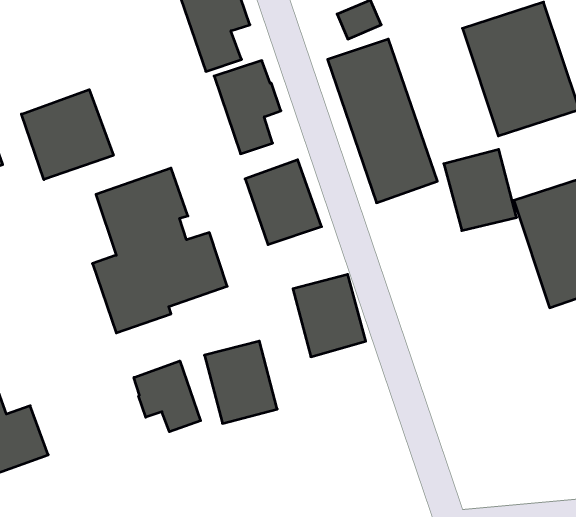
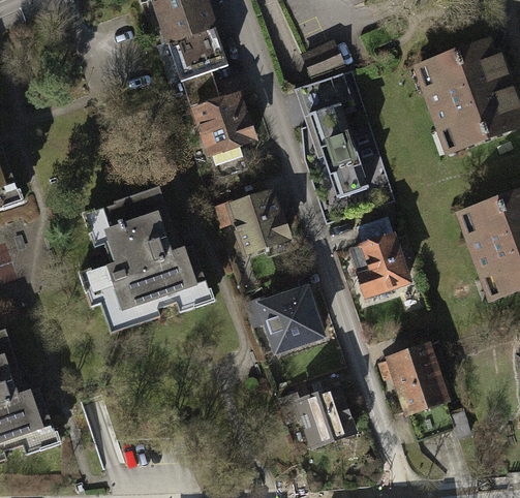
building: [21,90,113,180] -> none
building: [444,149,517,231] -> [347,228,410,299]
building: none -> [386,334,449,405]
building: [204,341,277,423] -> [293,373,356,444]
building: [134,361,201,432] -> none

